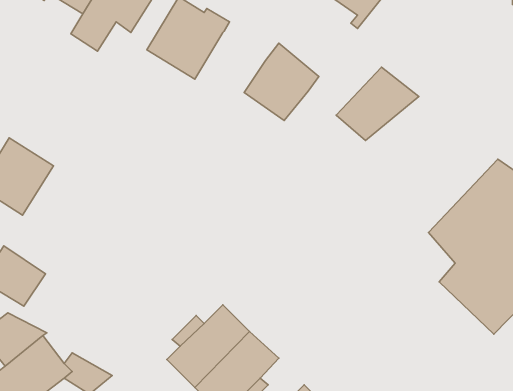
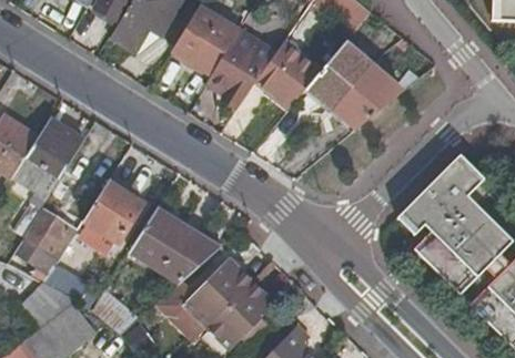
building: none -> [201,34,265,110]
building: none -> [301,41,362,104]
building: none -> [87,186,149,250]
building: none -> [133,216,216,286]

